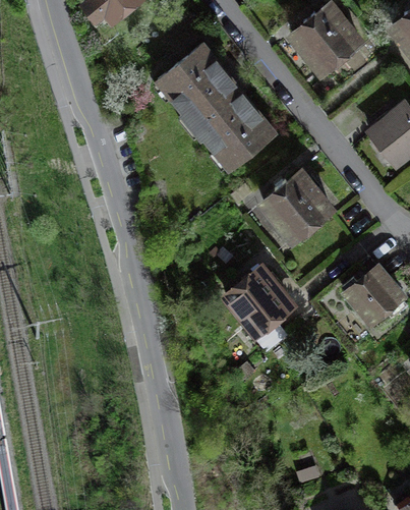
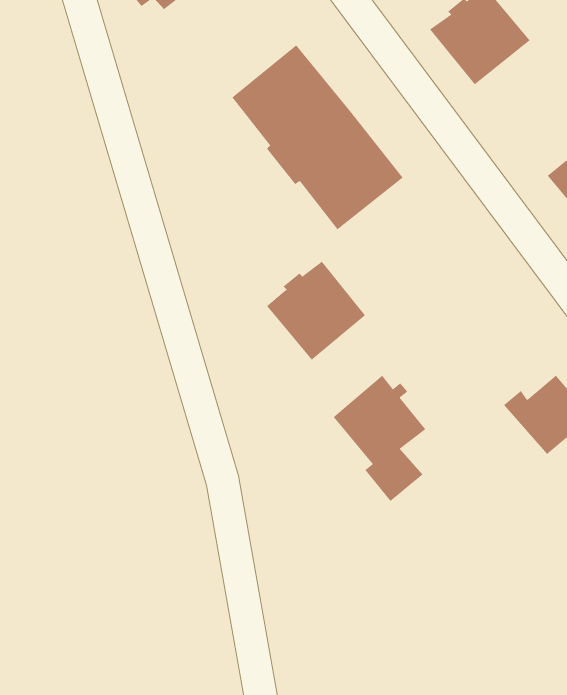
building: [263,172,331,239] -> [266,261,366,360]

